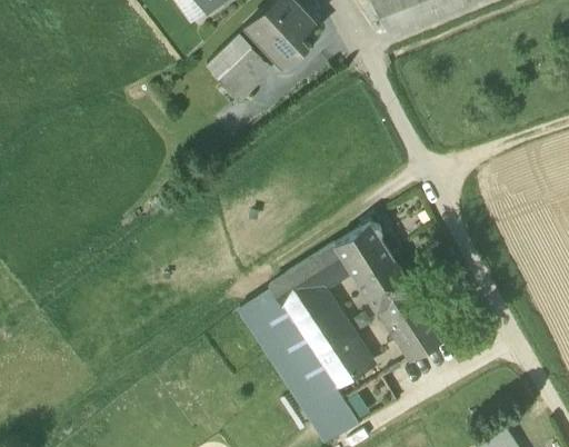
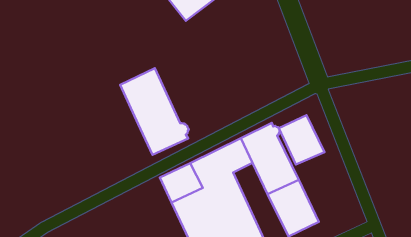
building: none -> [120,68,189,155]
building: none -> [279,115,324,165]

